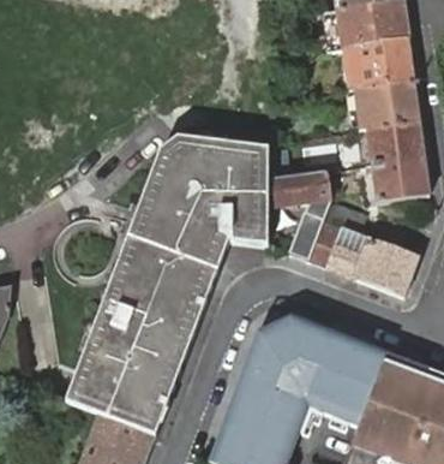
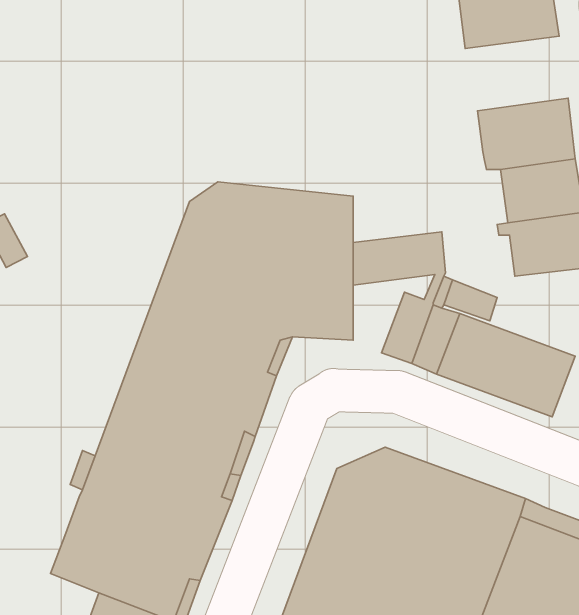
building: [342,38,414,89] -> none

